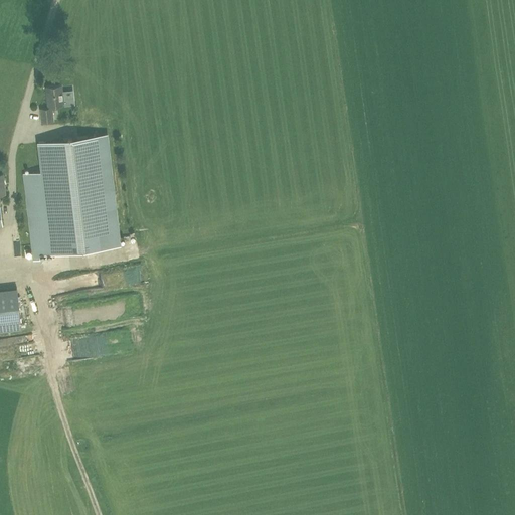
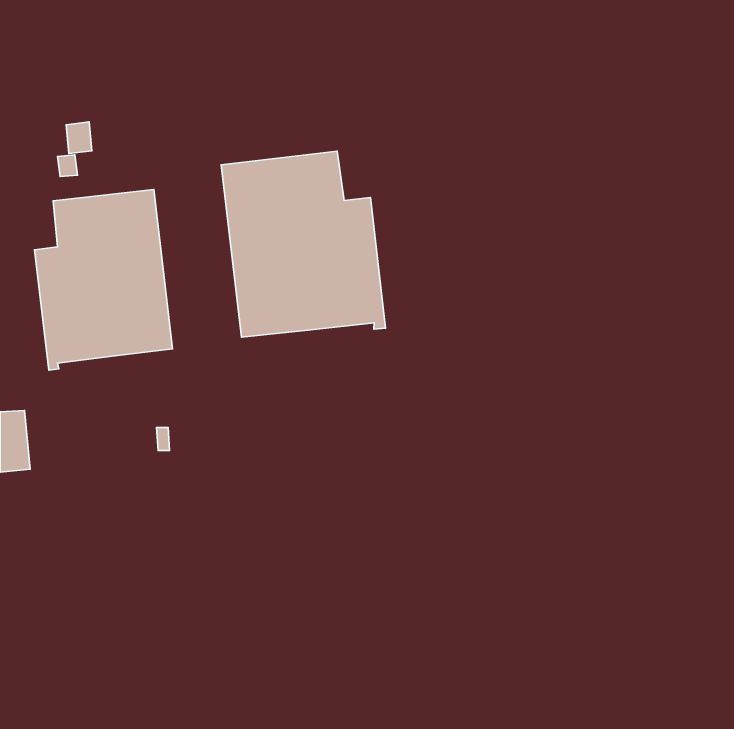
building: none -> [221,151,386,337]

